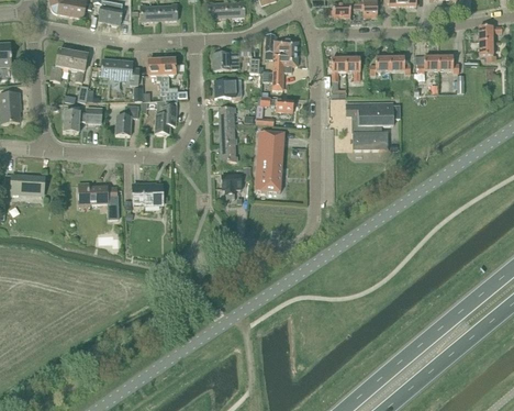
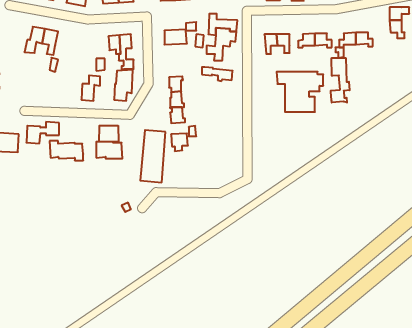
building: [100,58,139,84] -> none
building: [214,79,242,101] -> none
building: none -> [331,58,350,103]
building: [63,107,101,132] -> [26,122,59,143]
building: [254,130,283,191] -> [140,130,165,182]
building: none -> [99,126,119,142]

